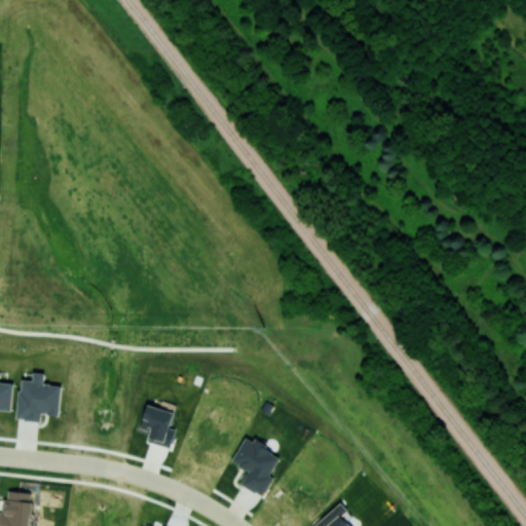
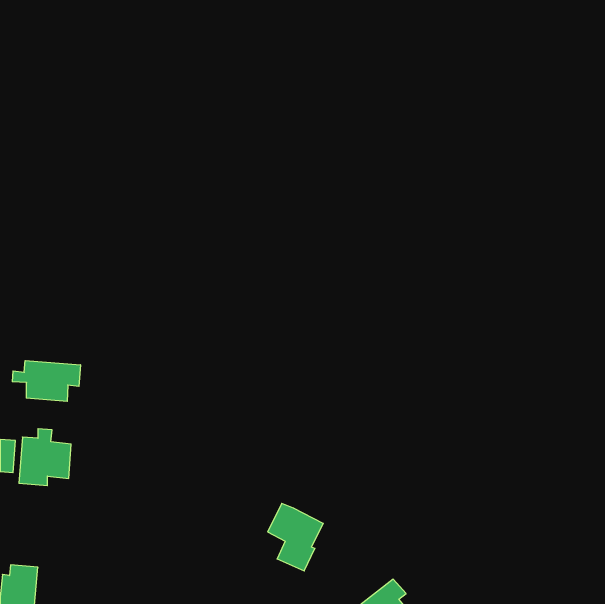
building: none -> [12,361,80,401]
building: [141,405,176,449] -> none

